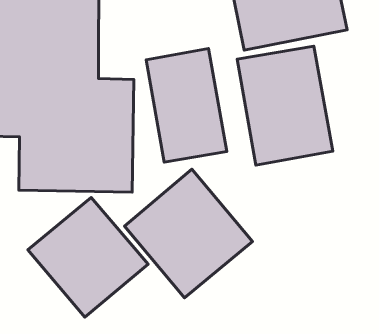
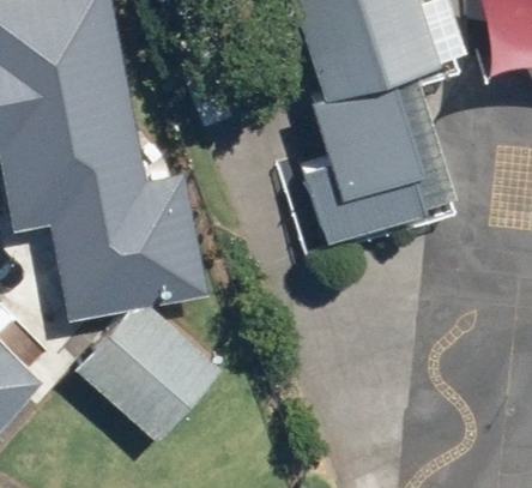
building: [146,48,227,162] -> none
building: [125,169,252,298] -> none

